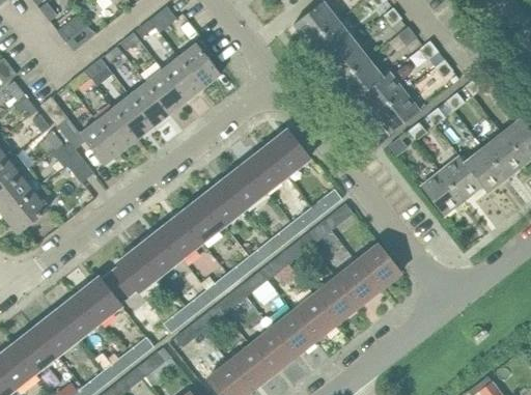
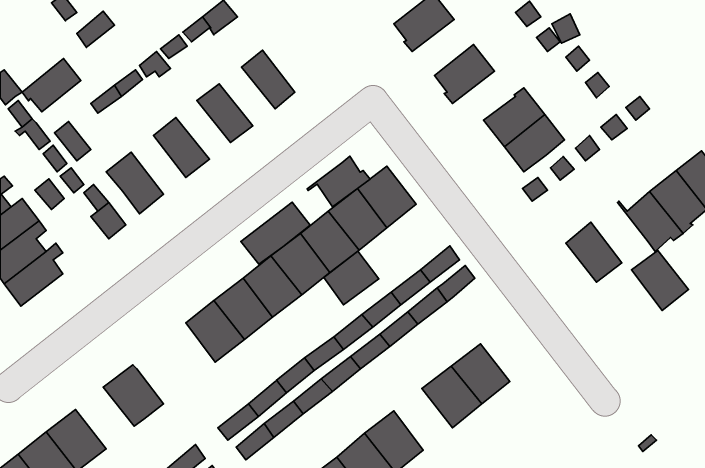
building: [306,21,352,62] -> none
building: none -> [22,59,81,112]
building: [163,56,204,100] -> none
building: [336,59,383,101] -> none
building: [131,81,171,124] -> none
building: [97,107,138,150] -> none
building: none -> [307,156,370,207]
building: none -> [241,202,310,264]
building: [439,157,481,201] -> [631,250,689,310]
building: none -> [324,251,379,305]
building: [357,244,400,289] -> none
building: [102,246,160,304] -> none
building: [56,293,100,339] -> none
building: [292,294,336,340] -> none

